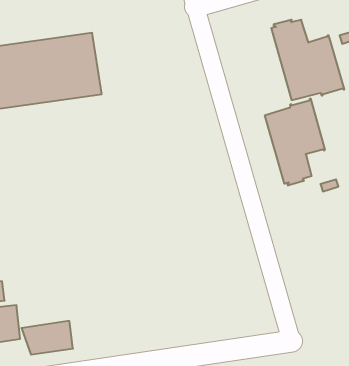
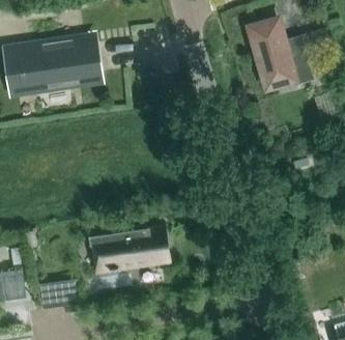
building: [265,98,325,186] -> none
building: none -> [88,227,171,278]

